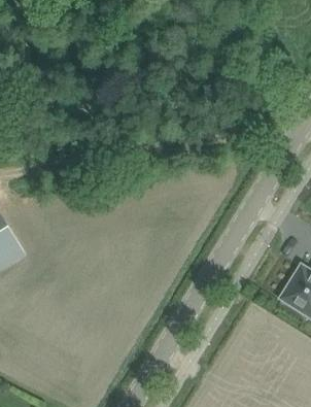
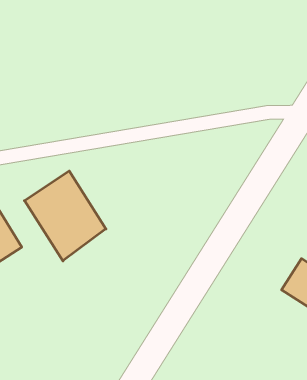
building: none -> [24,171,106,261]

